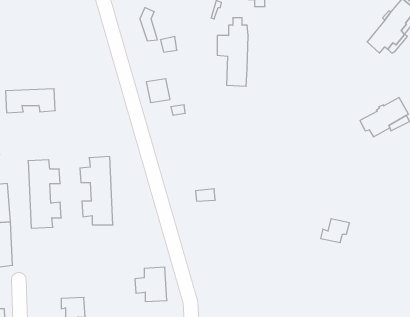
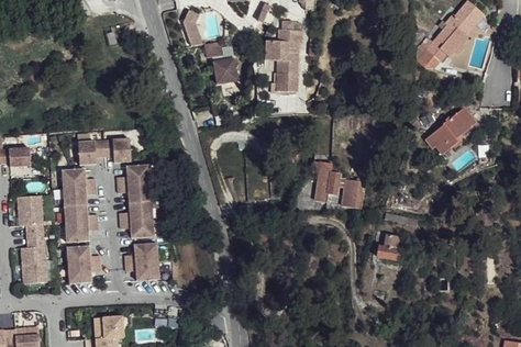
building: [146,79,170,103] -> [213,57,239,82]
building: [6,89,55,113] -> [80,141,133,166]
building: none -> [317,158,337,198]
building: none -> [343,176,363,203]
building: none -> [68,247,101,283]
building: [135,267,167,301] -> [125,246,159,282]

